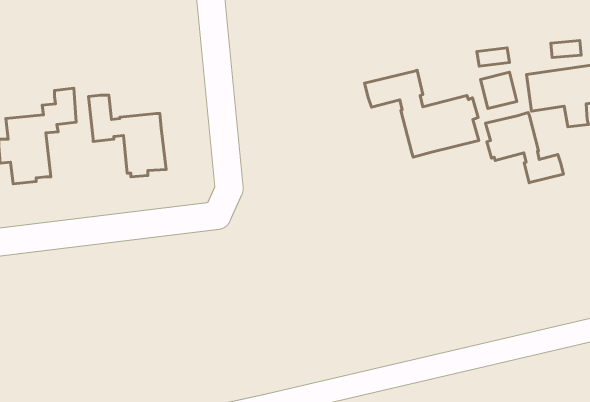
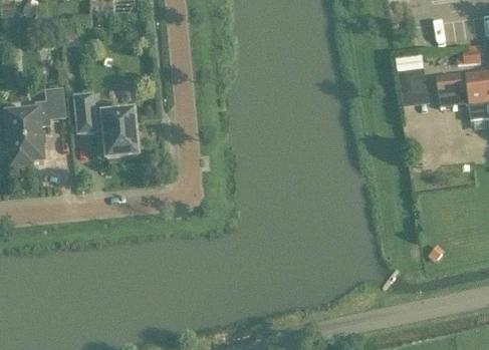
building: [364,70,479,157] -> none
building: [485,113,564,183] -> none

